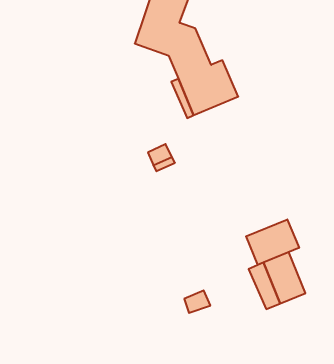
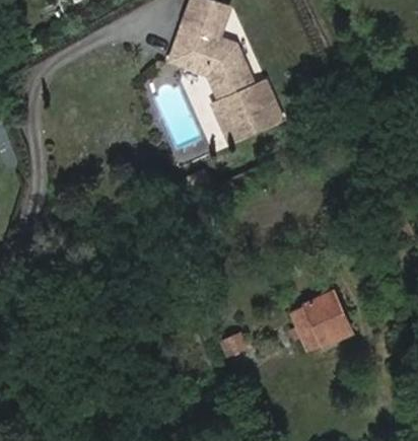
building: [246,219,299,265] -> none

